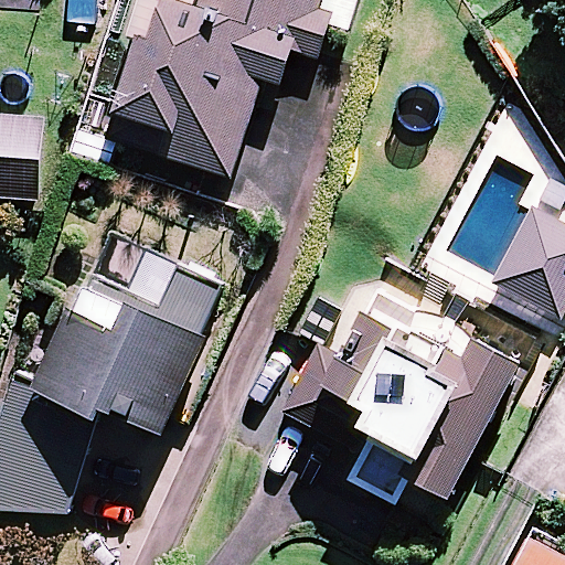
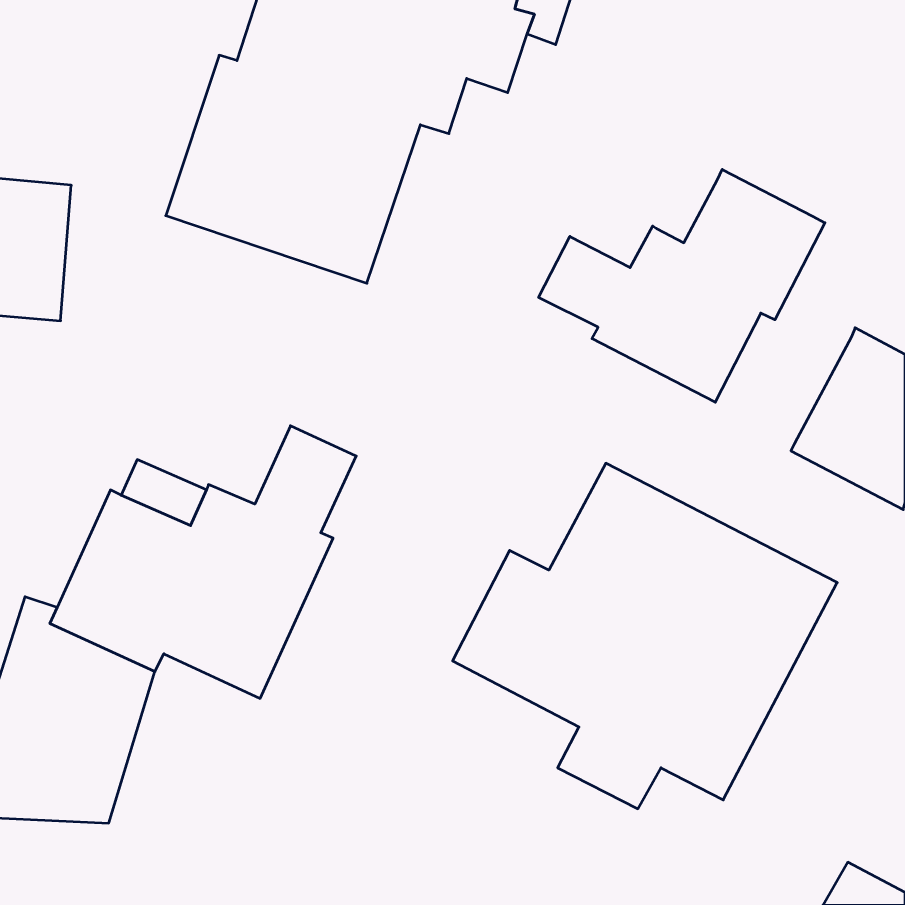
building: none -> [539,169,825,402]

